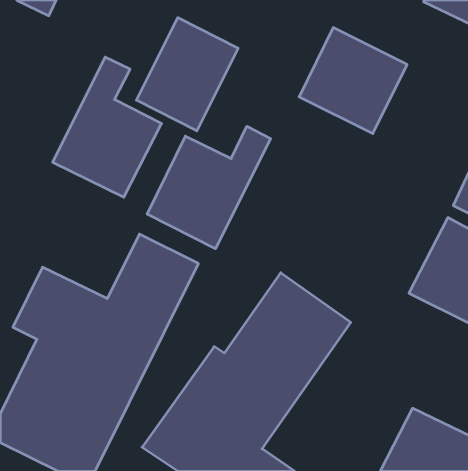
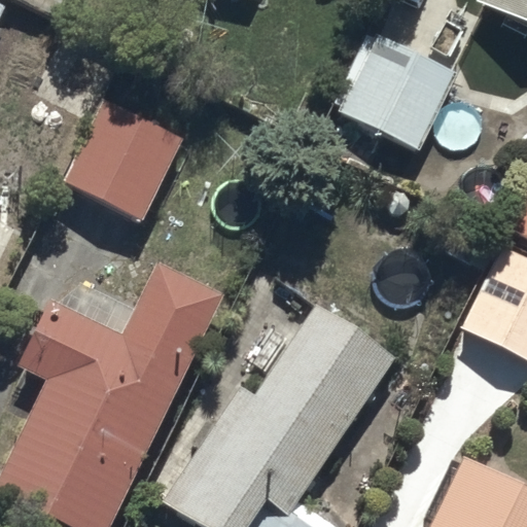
building: [136,18,238,131] -> none
building: [147,126,271,249] -> none

